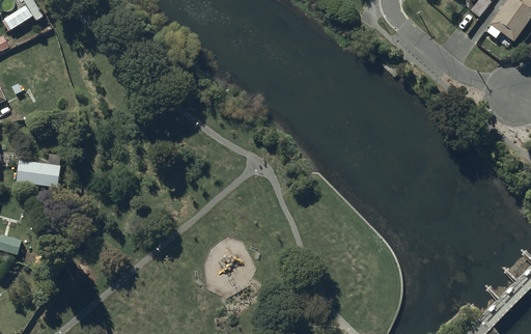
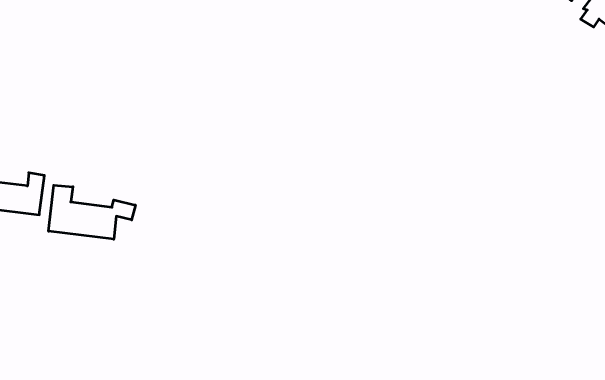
building: none -> [49,185,135,239]

